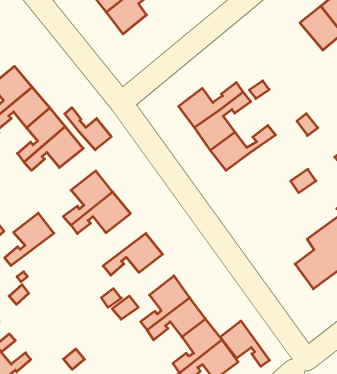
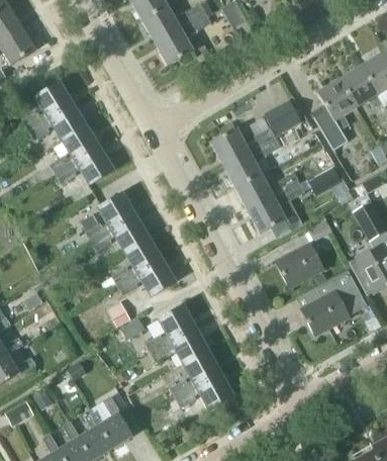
building: none -> [311,78,357,150]
building: none -> [264,100,302,136]
building: [65,108,111,150] -> none
building: none -> [248,182,305,233]
building: none -> [276,243,323,287]
building: [5,213,54,266] -> [112,238,163,284]
building: [220,321,270,366] -> none

